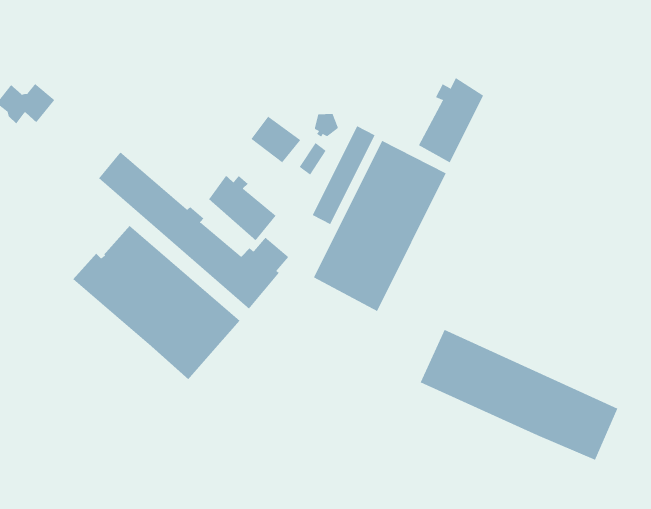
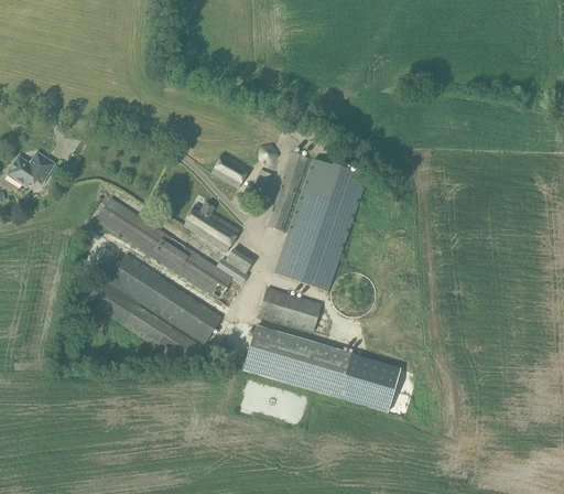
building: [418,77,484,163] -> none
building: none -> [258,286,322,331]
building: [420,329,618,461] -> [242,325,400,411]

